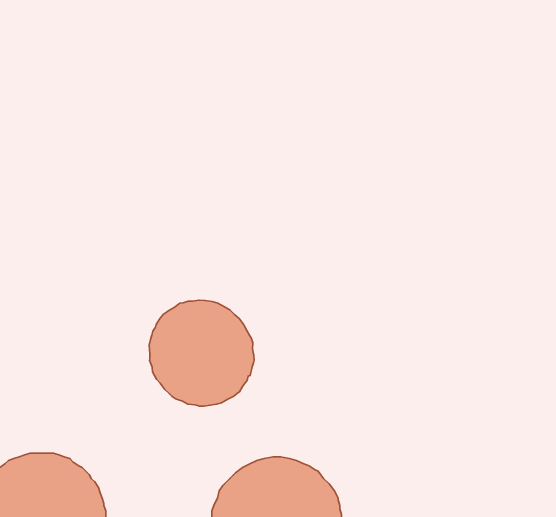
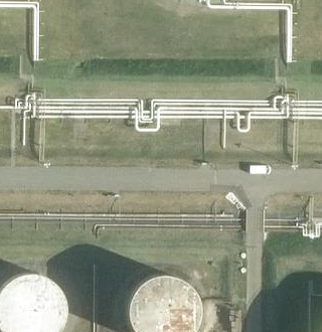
building: [149,300,254,406] -> none

